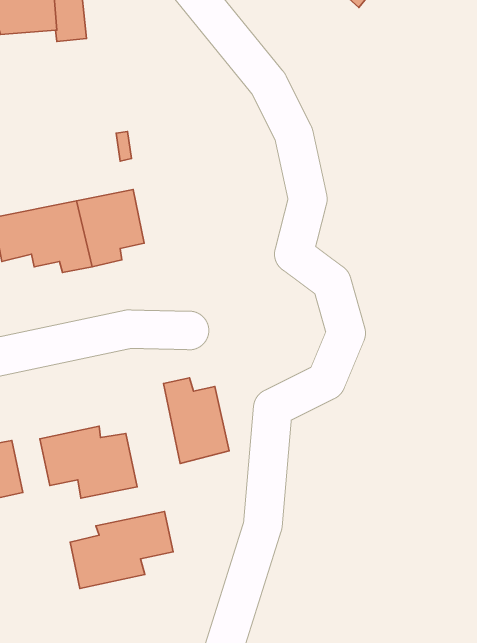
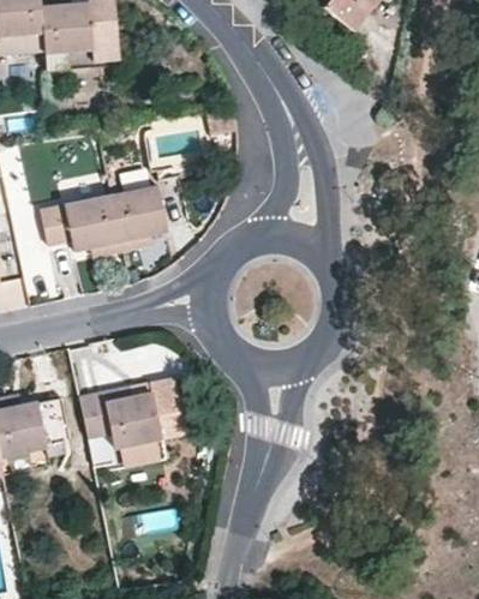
building: [163,378,229,463] -> none
building: [70,511,173,589] -> none

